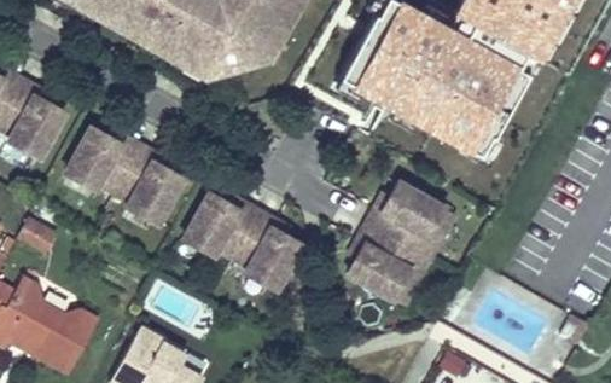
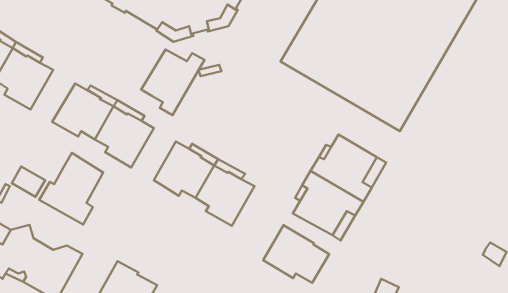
building: none -> [141,49,204,115]
building: none -> [39,153,103,225]
building: none -> [263,225,329,283]

